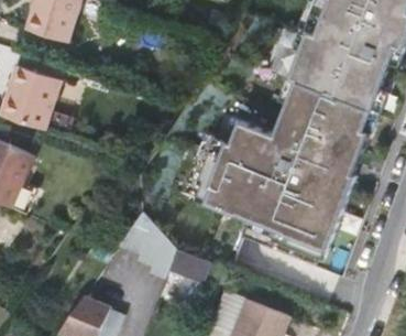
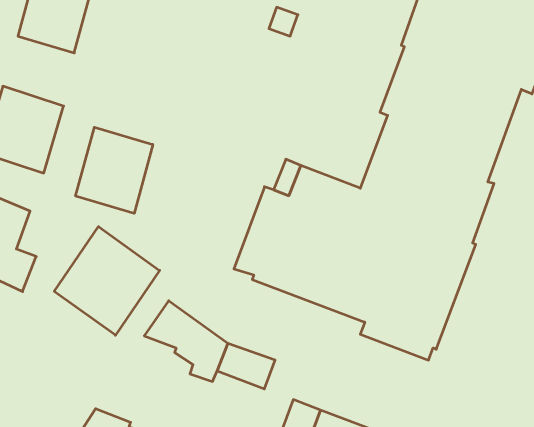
building: none -> [76,127,153,213]
building: none -> [54,227,160,335]

